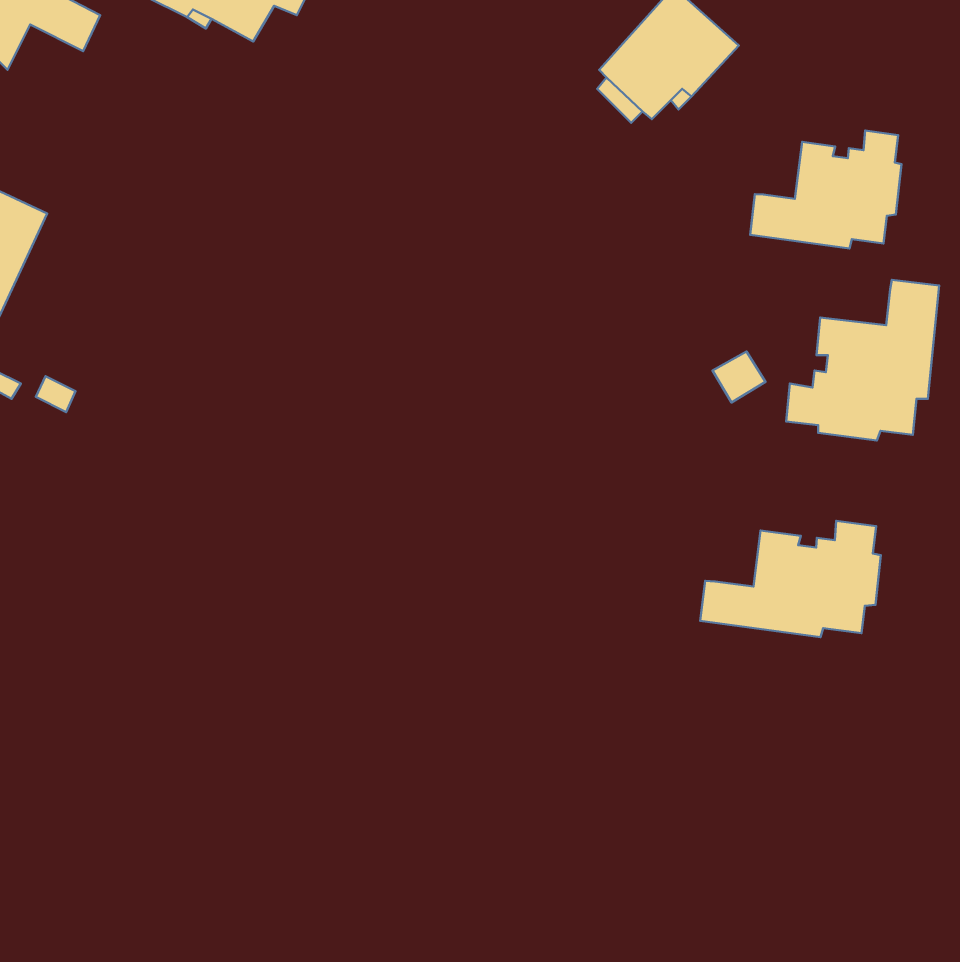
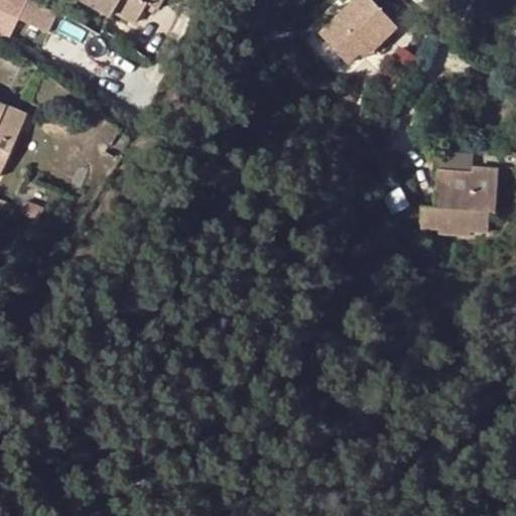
building: [750,130,901,249] -> none
building: [700,521,881,637] -> none

